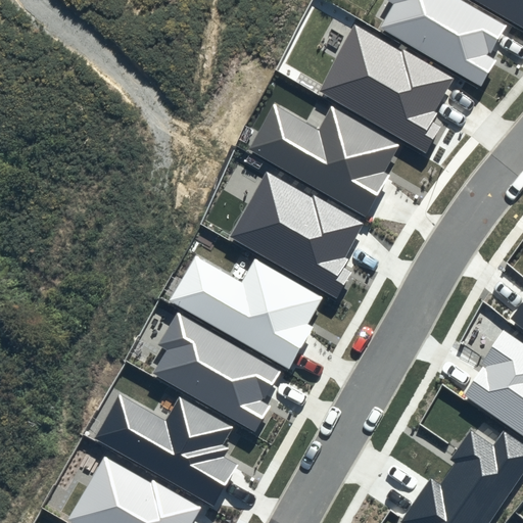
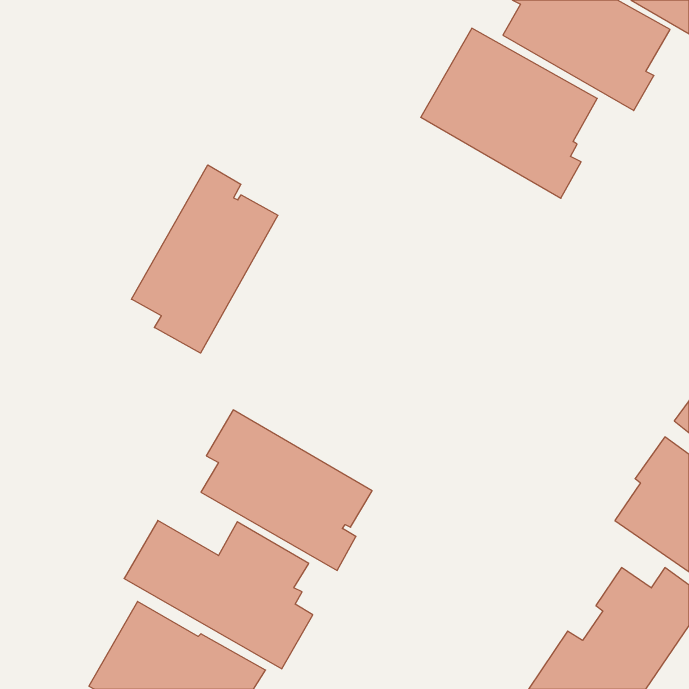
building: [247,103,399,218] -> none
building: none -> [131,165,278,353]
building: [229,171,364,298] -> none
building: [168,254,323,370] -> none

